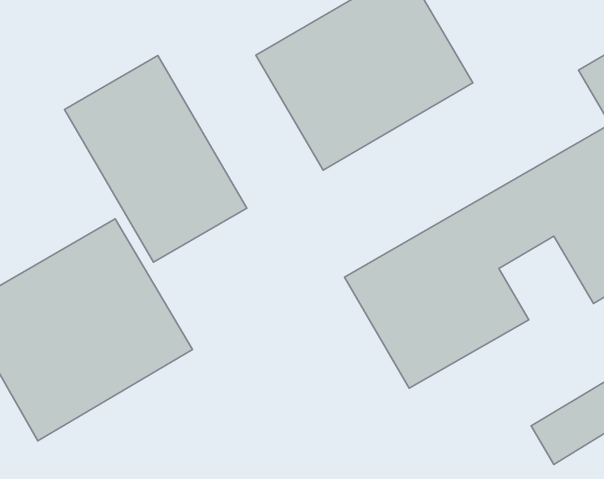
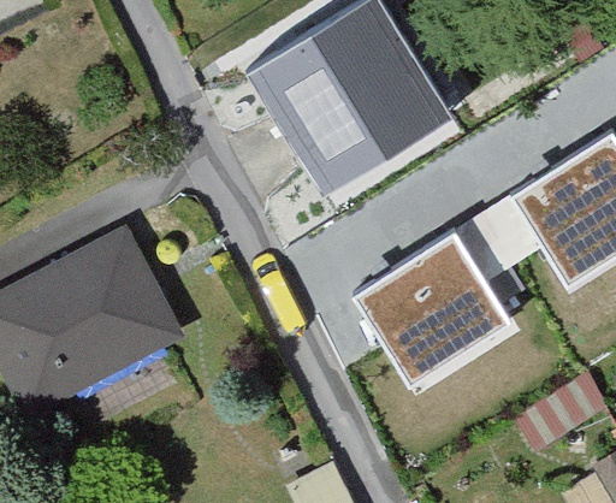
building: [65,55,247,262] -> none

